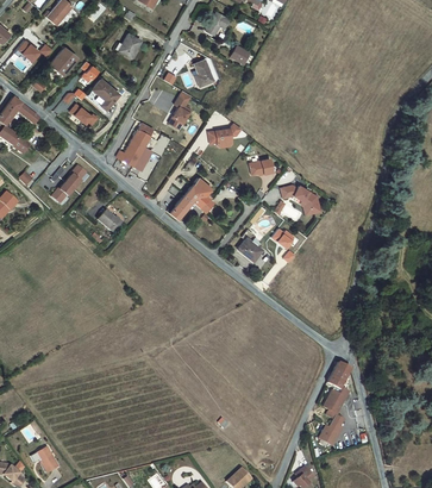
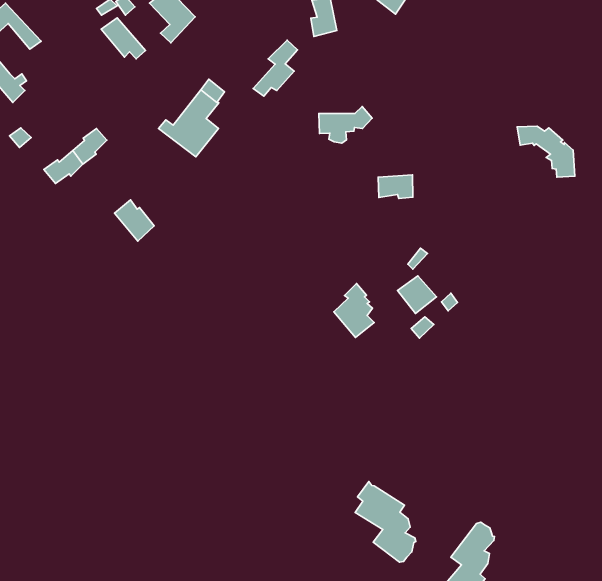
building: [165,176,212,219] -> none
building: [281,187,320,215] -> [517,126,575,177]
building: none -> [355,481,416,562]

